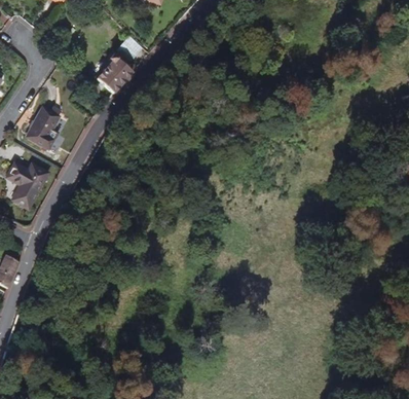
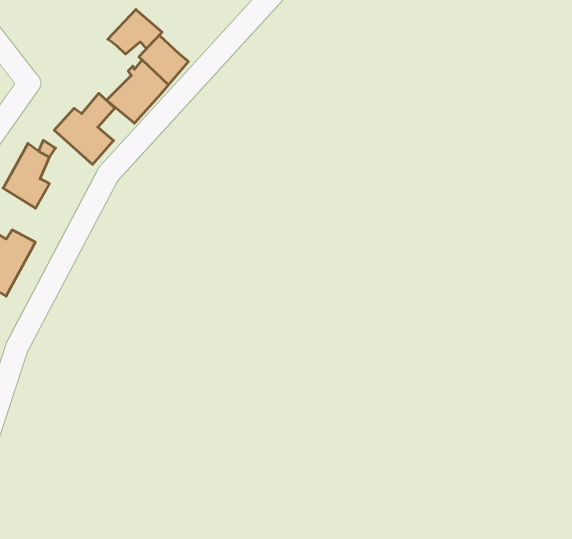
building: none -> [108,9,162,54]
building: none -> [54,93,115,164]

